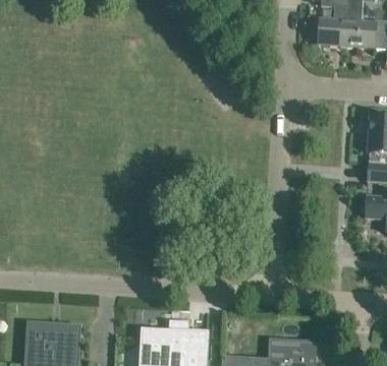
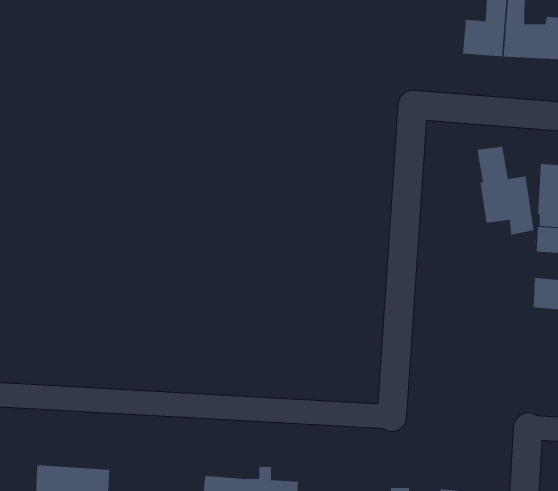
building: none -> [477,146,536,244]

